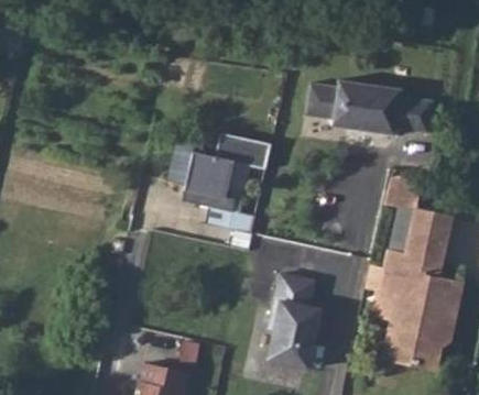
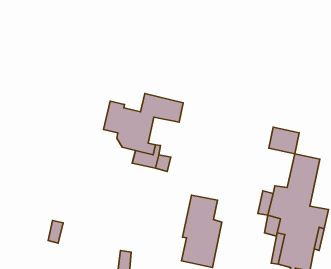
building: [305,80,433,135] -> none

